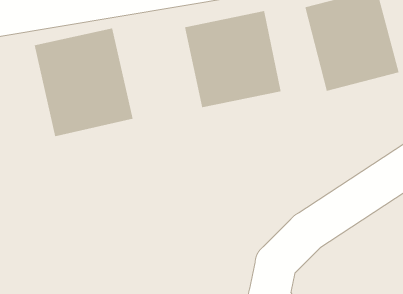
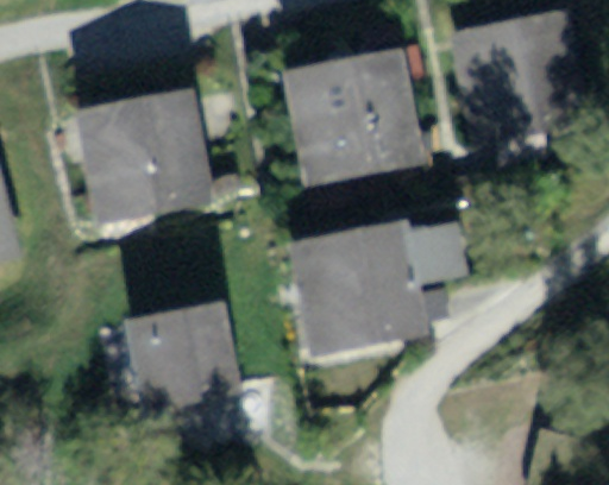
building: none -> [296,206,452,341]
building: none -> [112,281,220,391]

